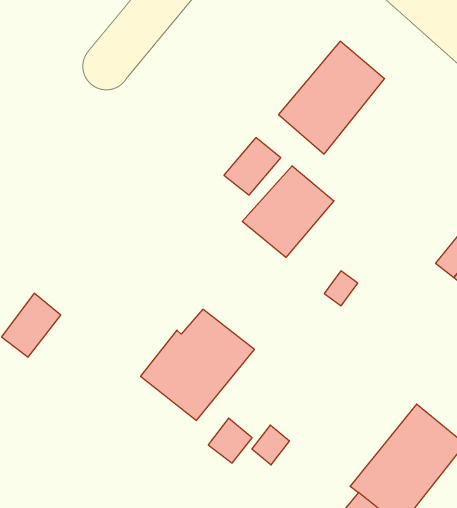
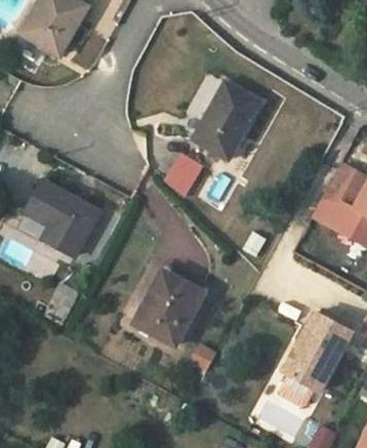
building: none -> [26,181,97,256]
building: [242,166,334,257] -> none

